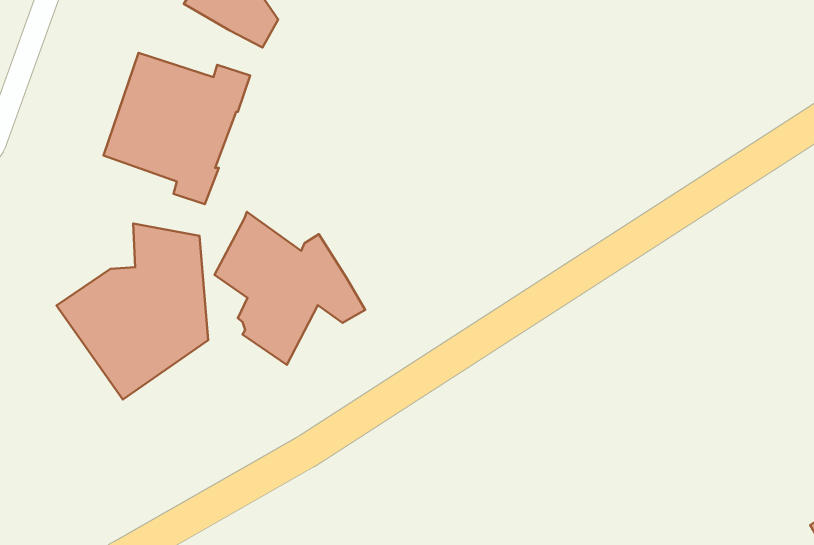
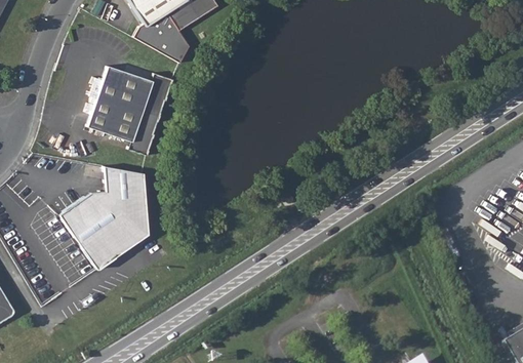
building: [215,212,365,365] -> none

